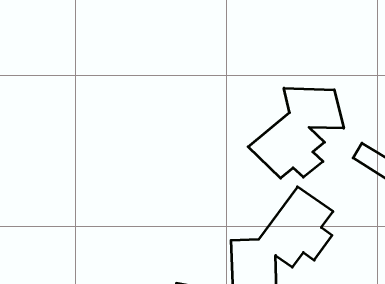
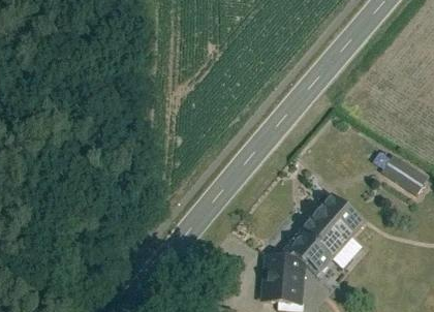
building: [248,88,344,178] -> none

